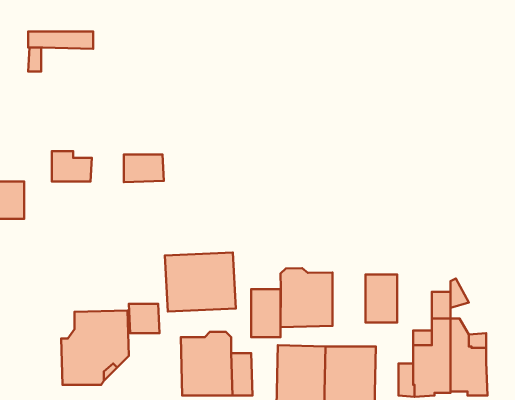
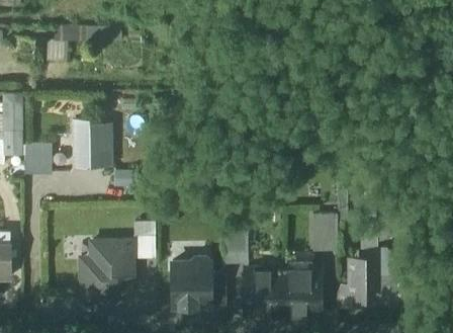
building: [124,154,164,182] -> [74,144,104,165]
building: [165,252,236,312] -> none
building: [280,268,333,327] -> none

